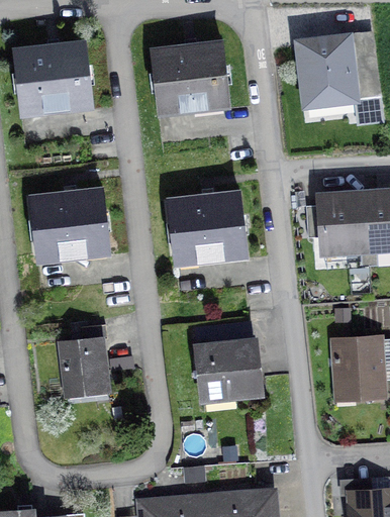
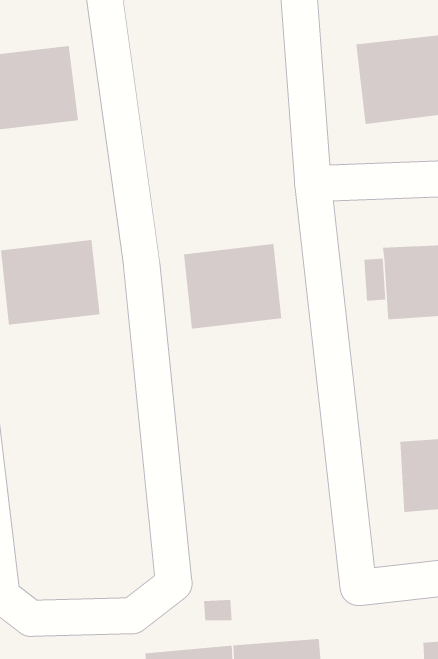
building: [153,44,227,108] -> none
building: [62,324,107,389] -> none
building: [197,341,261,395] -> none

